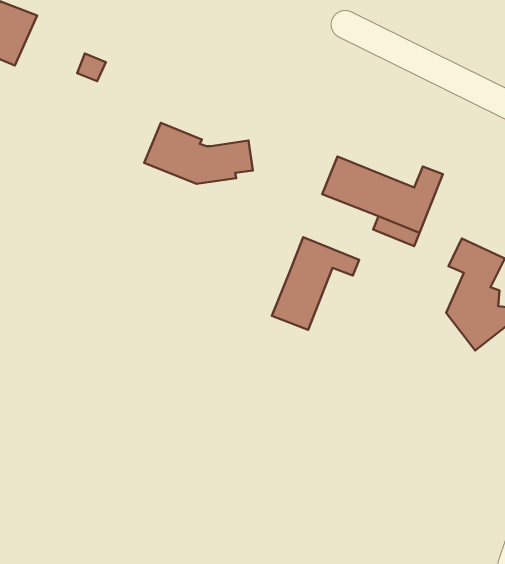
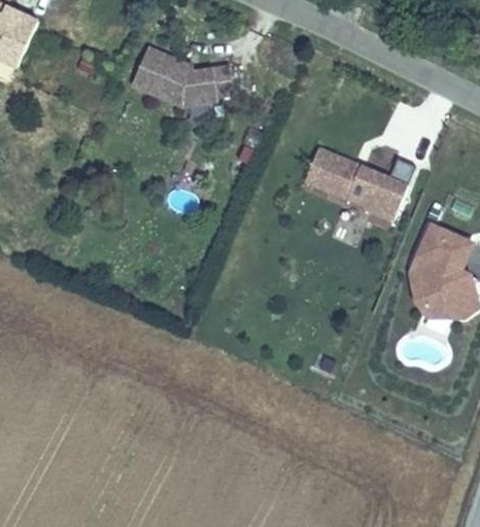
building: [144,123,253,184] -> [134,48,235,105]
building: [272,237,359,330] -> none

